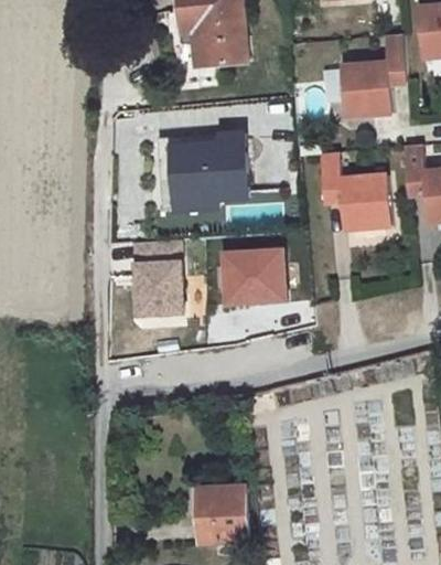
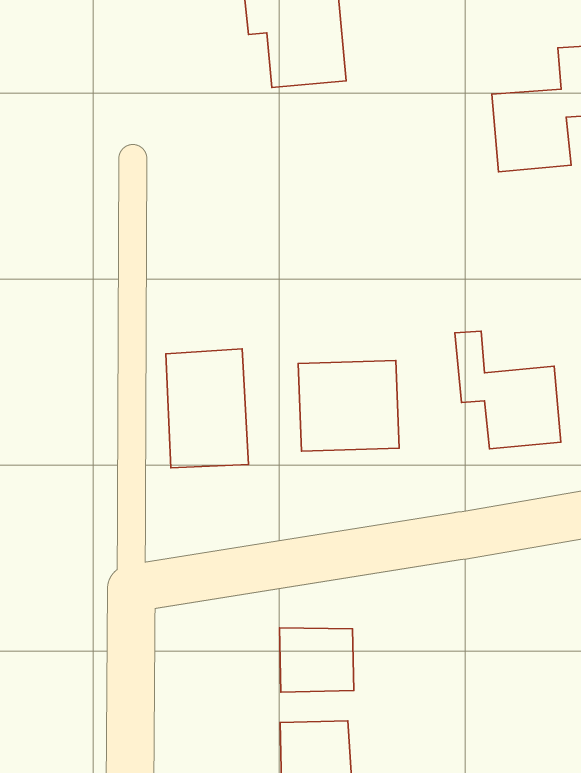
building: [173,130,247,207] -> none
building: [320,153,390,232] -> [455,331,561,449]
building: none -> [279,628,354,692]

